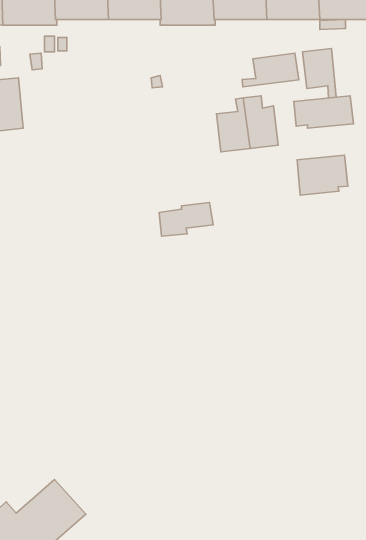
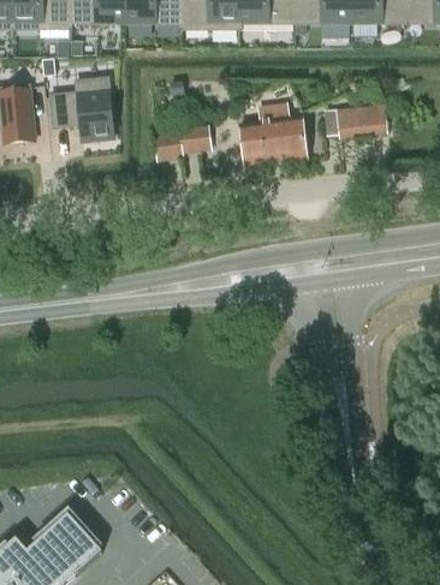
building: [302,49,336,98] -> none
building: [242,53,299,87] -> none
building: none -> [50,78,113,141]
building: [297,155,348,195] -> none
building: [159,202,213,236] -> [153,125,210,161]

